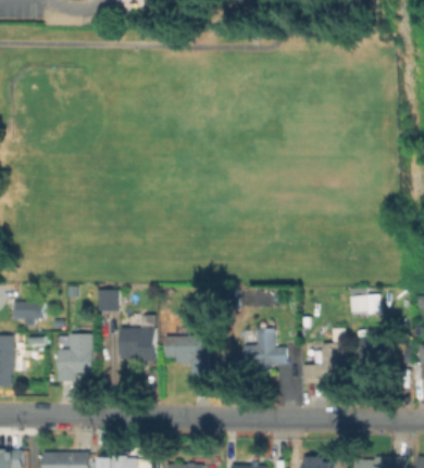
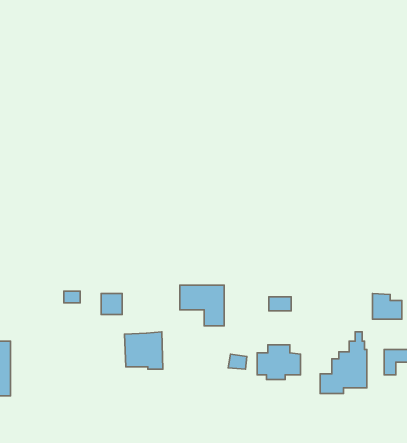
building: [12,302,42,325] -> none
building: [57,333,91,380] -> none
building: [166,338,208,376] -> [180,285,224,326]

